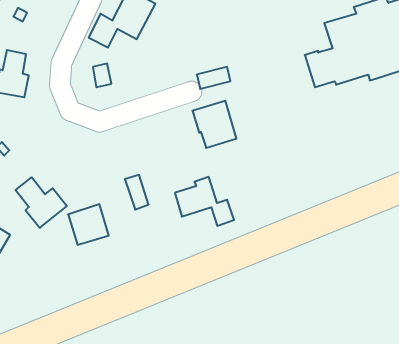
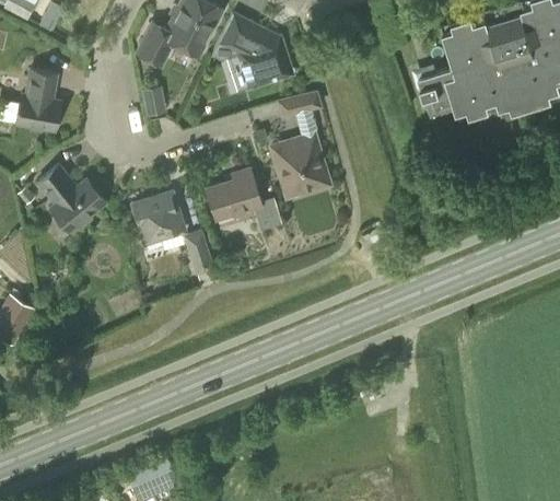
building: none -> [214,13,293,85]
building: [175,177,234,226] -> [207,168,283,232]
building: [15,177,67,228] -> [38,165,105,231]
building: [68,204,109,245] -> [132,193,185,245]

